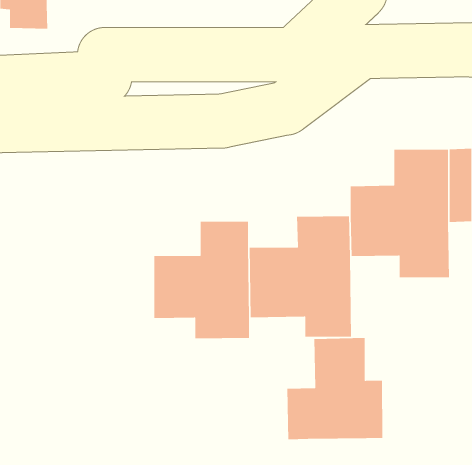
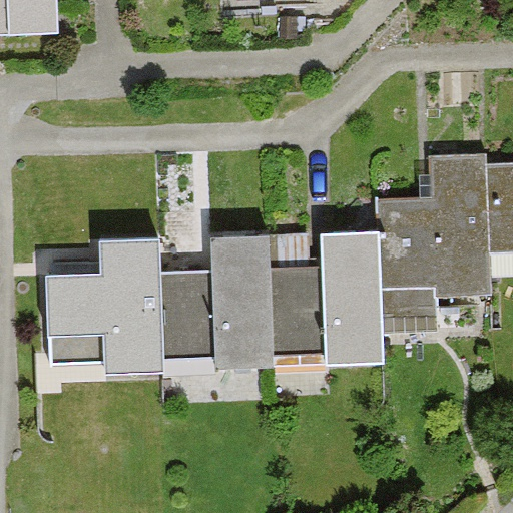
building: none -> [50,244,166,372]
building: [287,337,383,440] -> none

